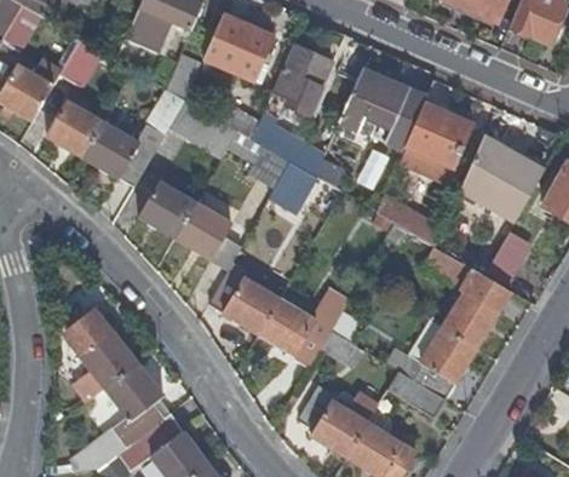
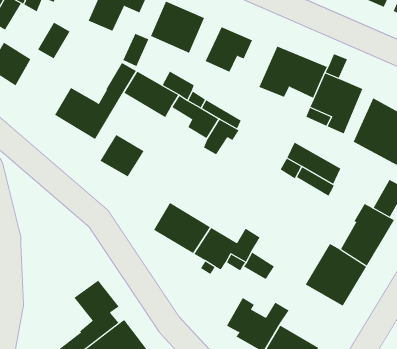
building: [46,100,103,157] -> none
building: [176,203,231,258] -> none
building: [75,311,138,389] -> none
building: [386,372,447,420] -> none

